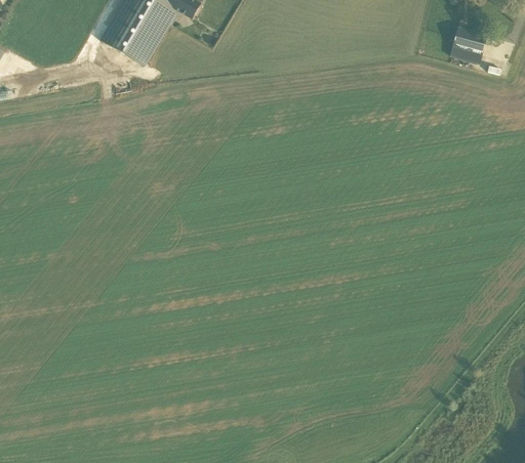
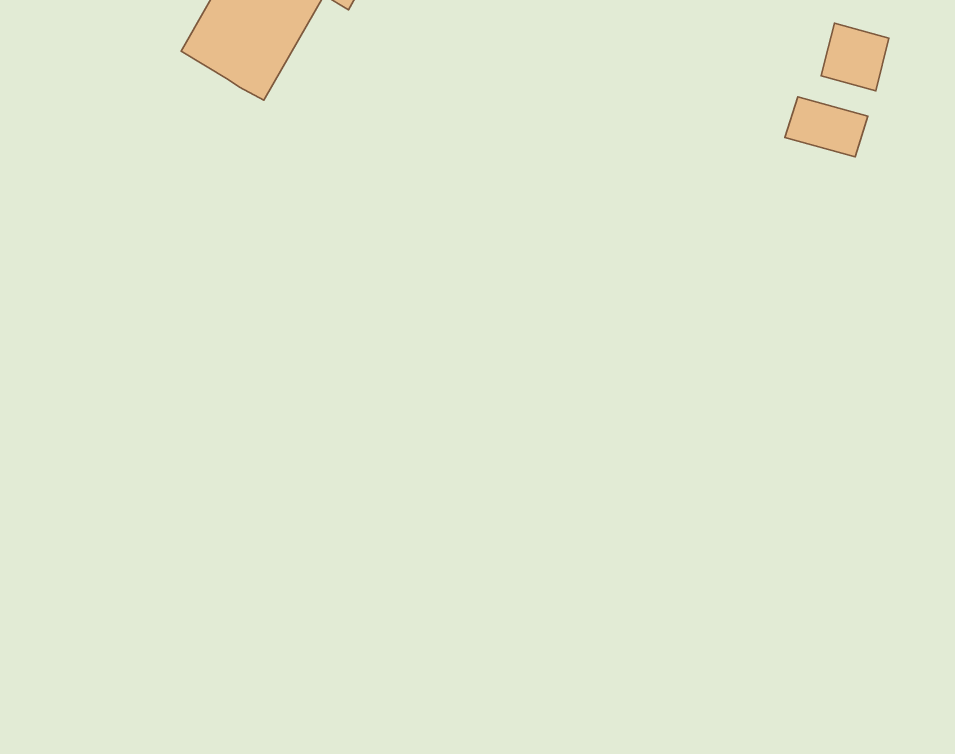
building: none -> [785,97,868,157]

